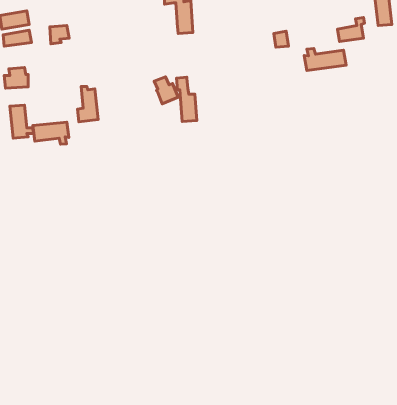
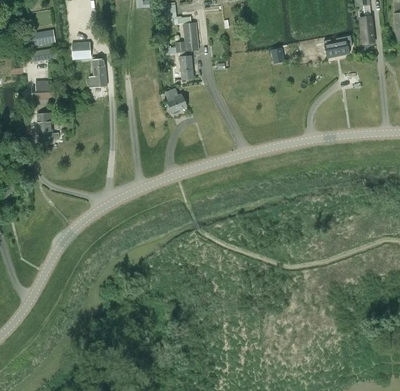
building: [304,49,346,71] -> none
building: [176,77,197,121] -> [176,40,194,79]
building: [78,87,98,122] -> [89,56,107,87]
building: [33,122,69,144] -> none

